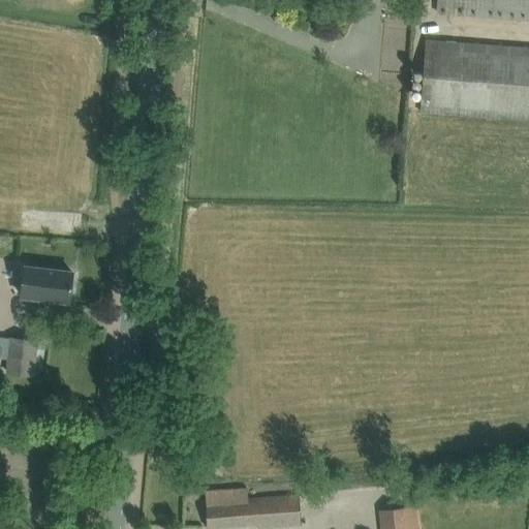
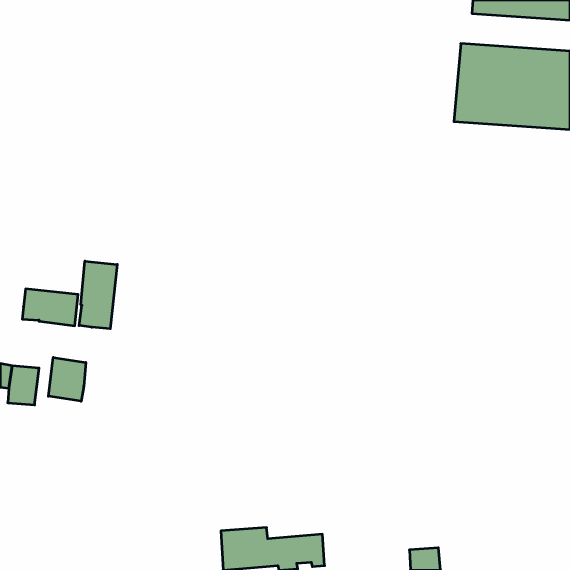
building: none -> [79,261,117,329]
building: none -> [48,357,86,401]

